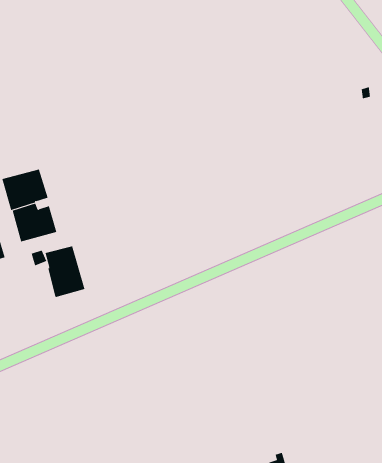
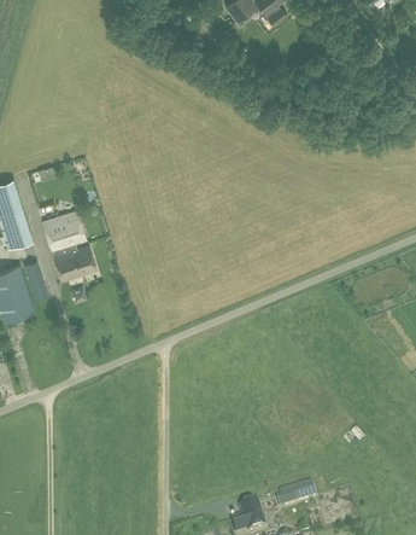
building: [45,246,85,298] -> none

